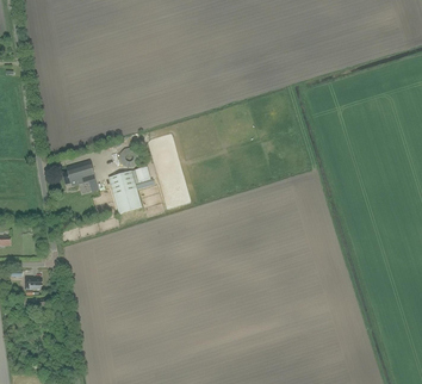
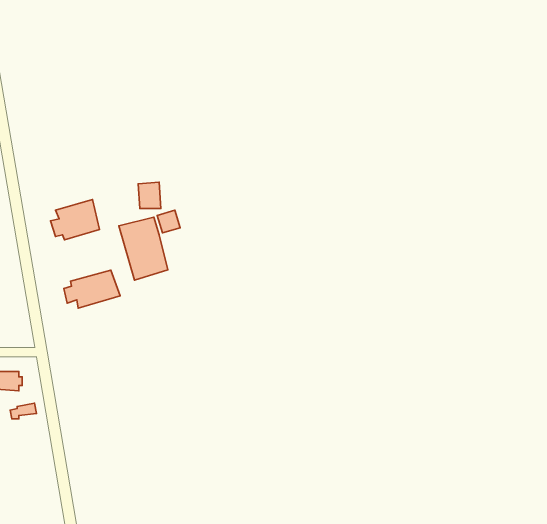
building: none -> [64,270,120,308]

